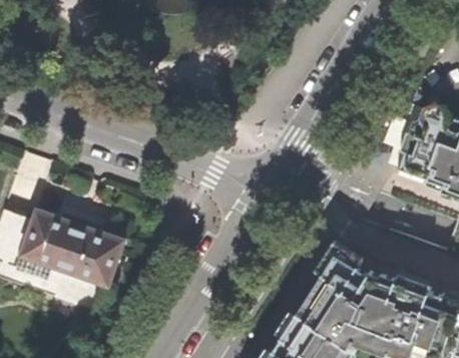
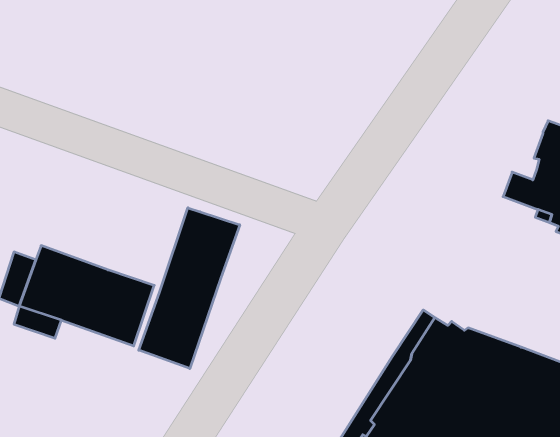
building: none -> [139,208,240,369]

